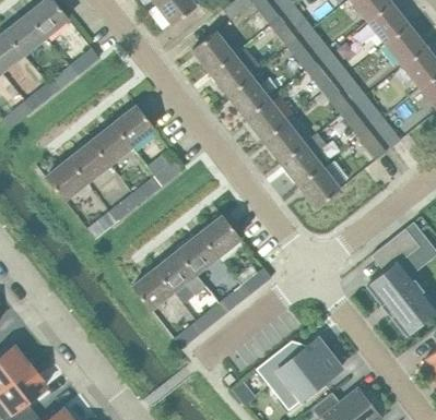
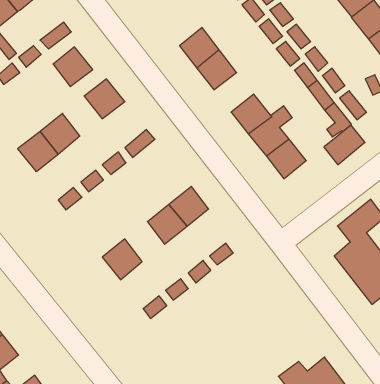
building: [192,32,234,72] -> none
building: [246,99,286,140] -> none
building: [92,123,132,164] -> [53,47,93,87]
building: none -> [324,125,365,165]
building: [155,251,205,303] -> none
building: [257,338,342,400] -> none

